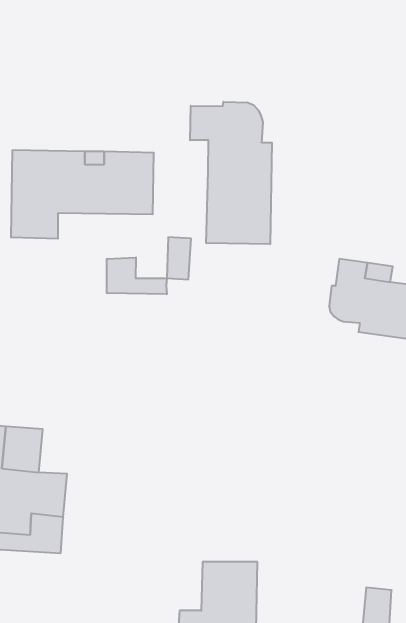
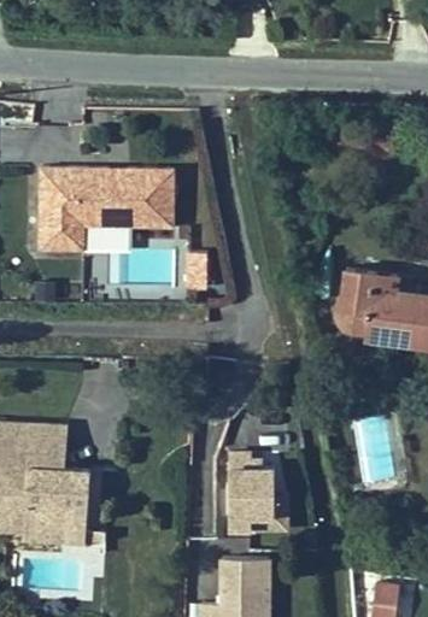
building: [190,102,272,244] -> none
building: [107,257,167,294] -> none
building: none -> [225,451,288,531]

